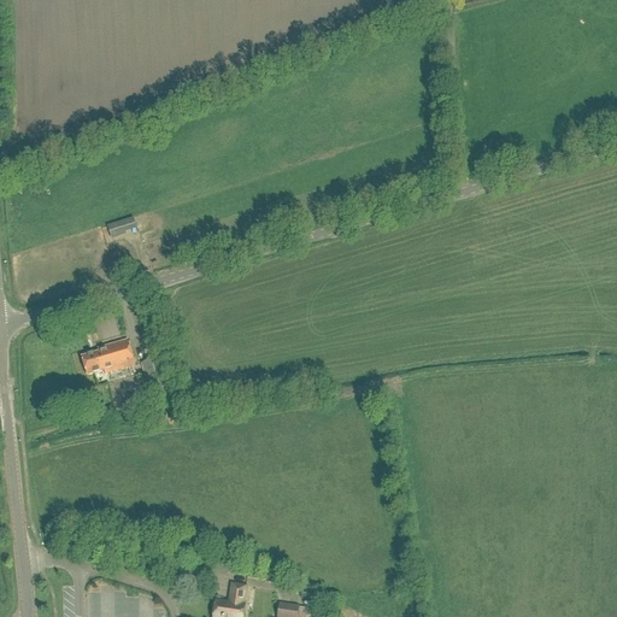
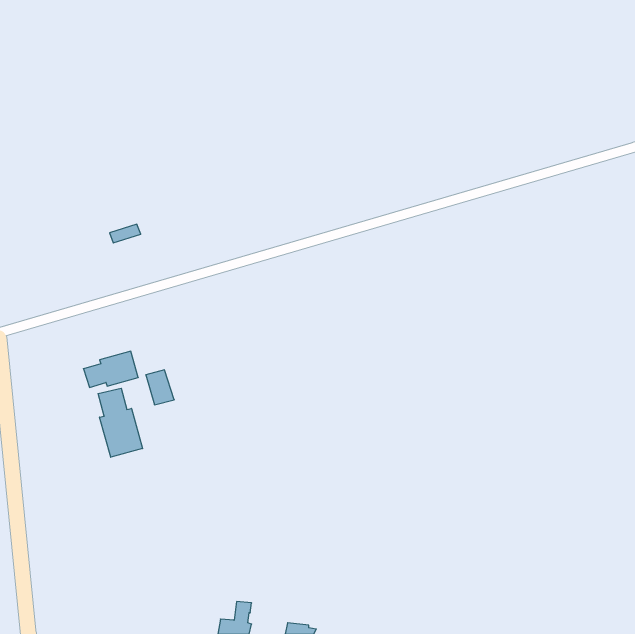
building: none -> [98,388,143,457]

